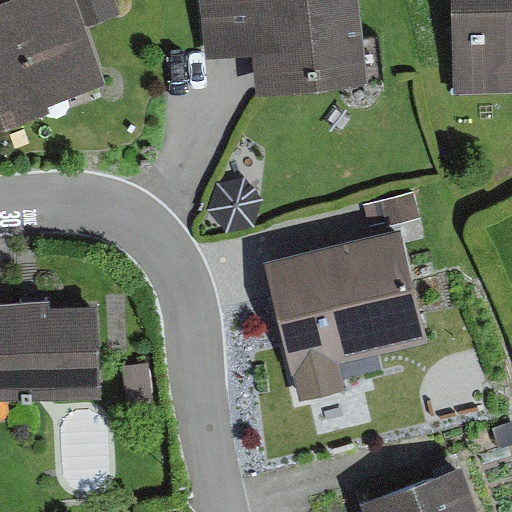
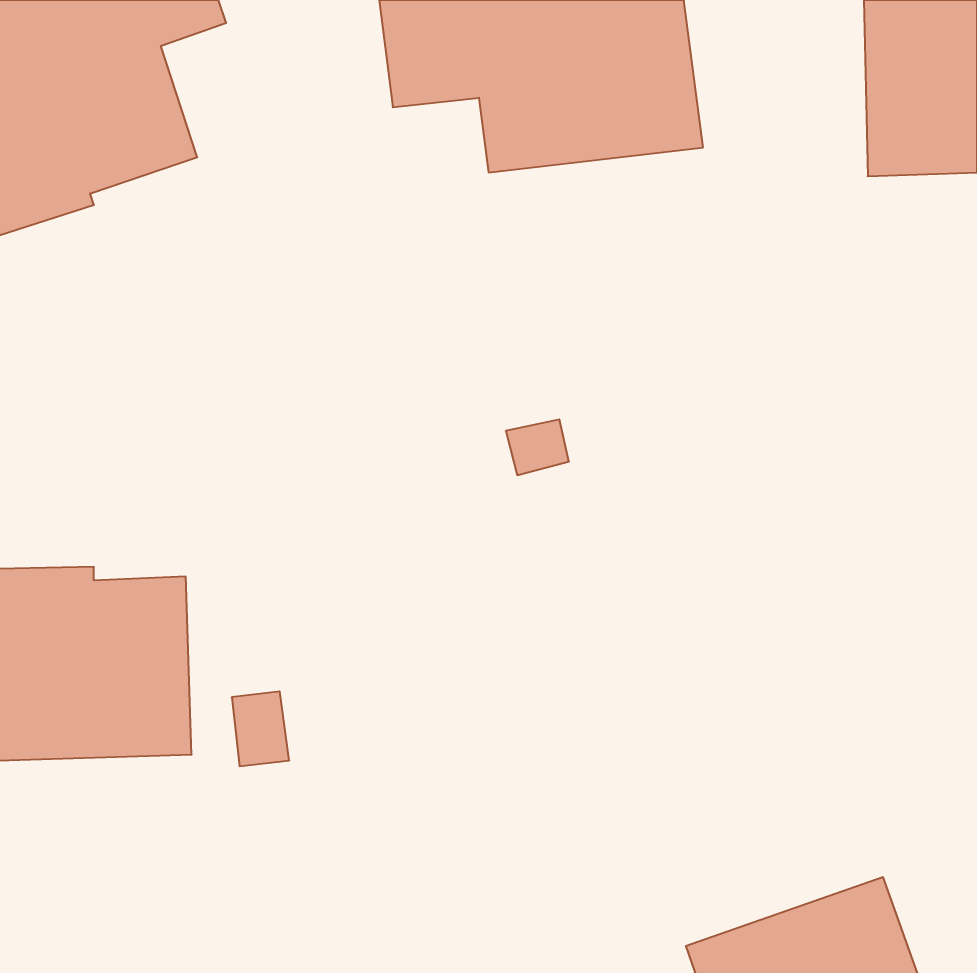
building: [263,225,429,402] -> none

